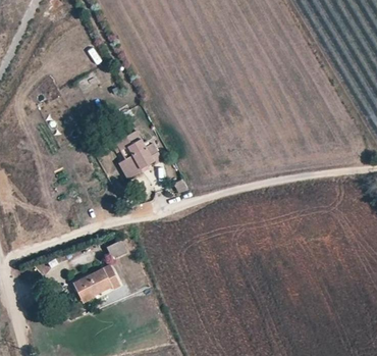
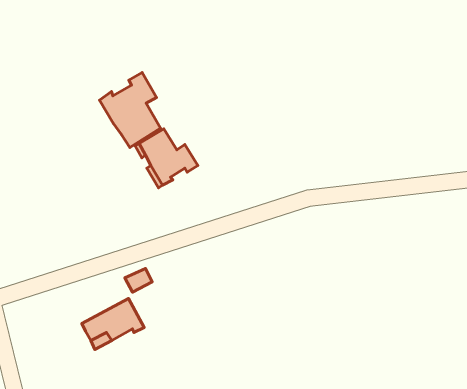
building: none -> [99,73,161,147]

